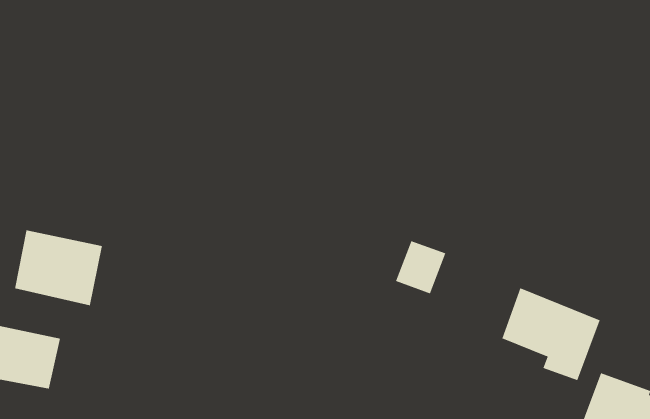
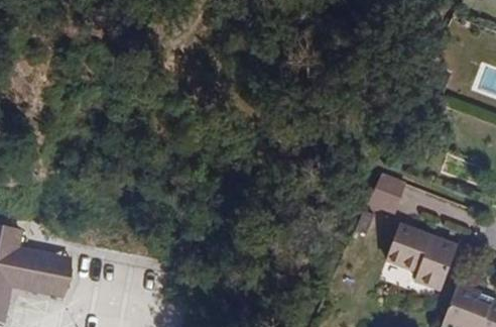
building: [15,230,102,306] -> none
building: [395,240,446,294] -> [370,174,406,212]

